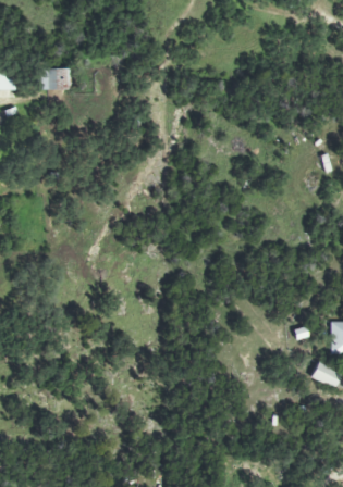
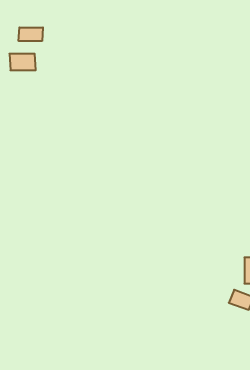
building: none -> [19,27,43,41]

